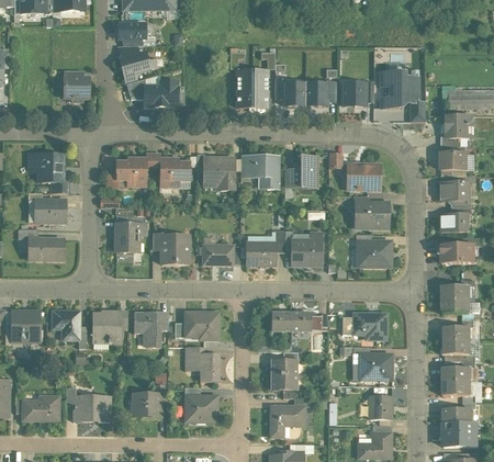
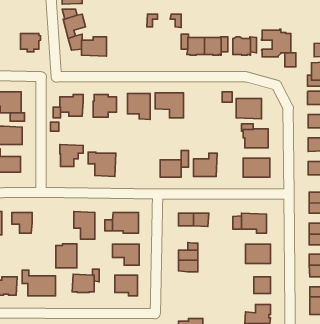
building: [237,71,268,106] -> none
building: [284,155,318,188] -> none
building: [203,245,233,264] -> none
building: [93,311,121,342] -> [56,244,77,268]
building: [271,406,304,437] -> none

